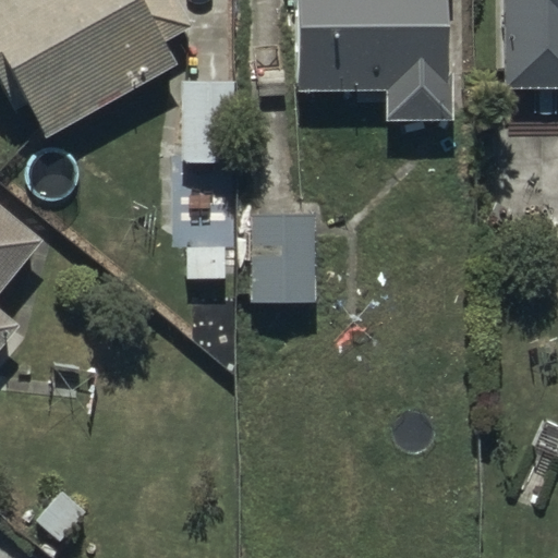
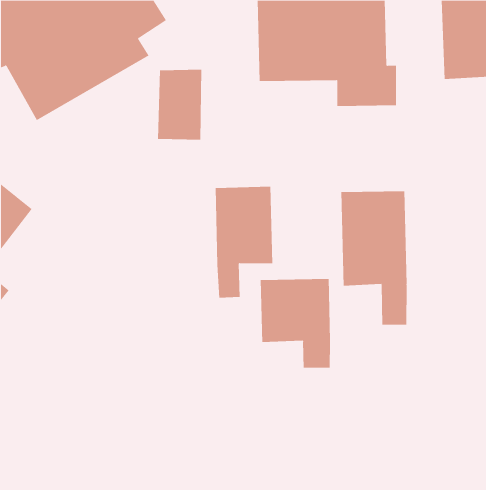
building: none -> [341,191,407,326]
building: none -> [260,278,331,369]

